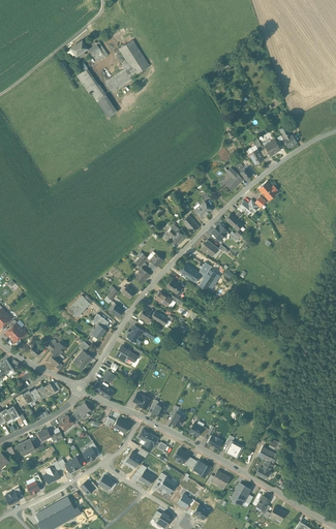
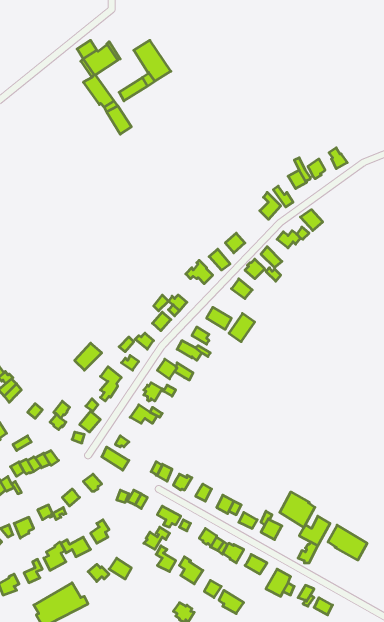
building: none -> [280,492,315,528]
building: none -> [328,525,367,560]

